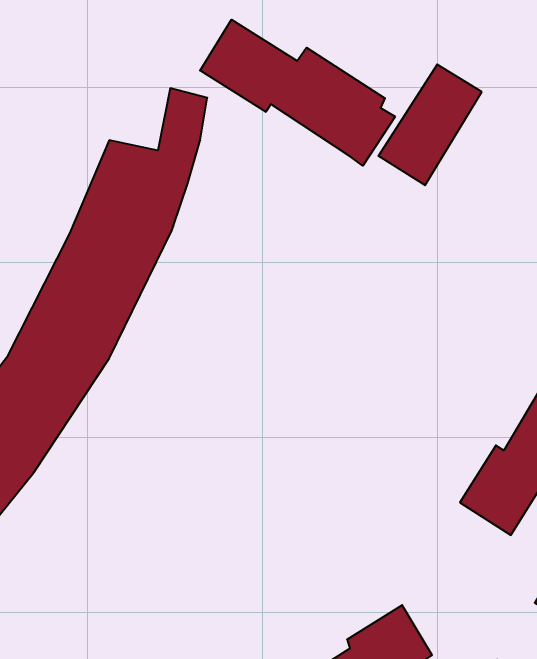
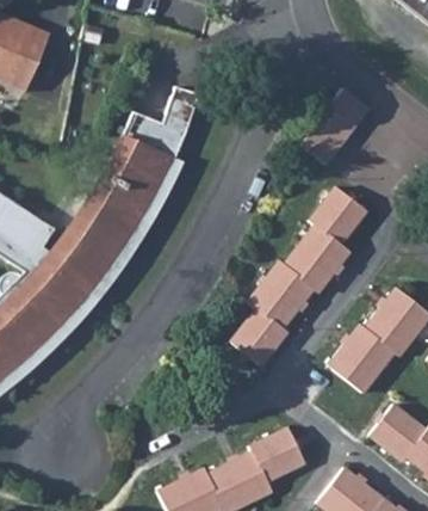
building: [200,20,395,166] -> none
building: none -> [232,187,367,365]

